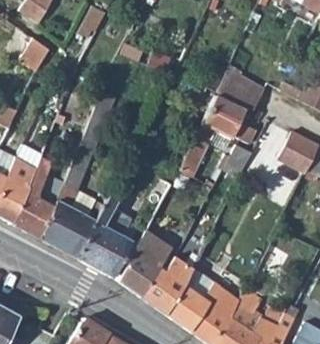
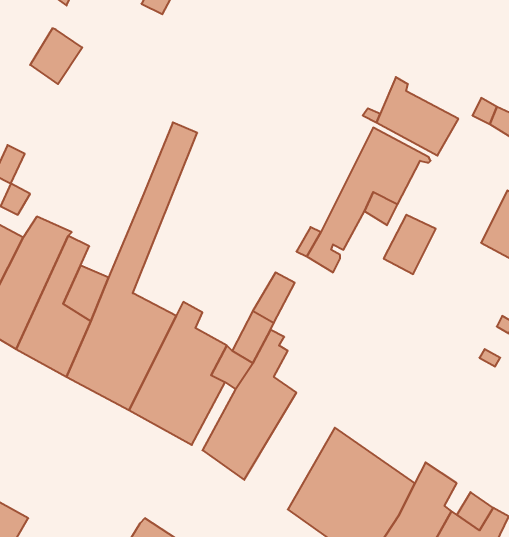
building: [143,258,194,314] -> none

